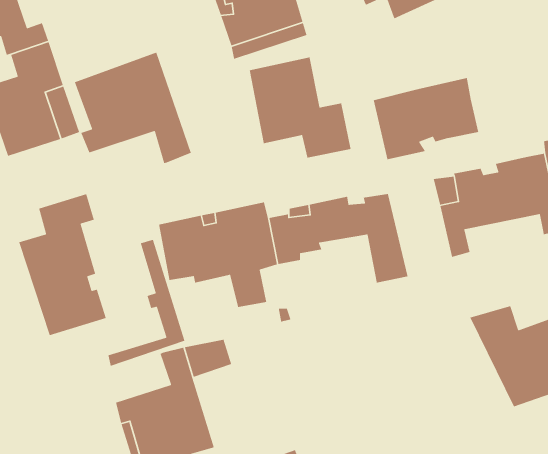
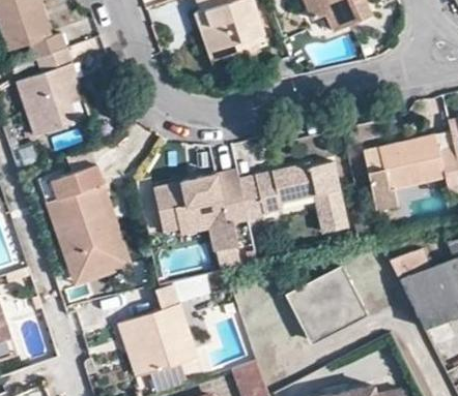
building: [74,52,192,164] -> none
building: [249,57,352,158] -> none
building: [373,77,479,160] -> none
building: [108,239,186,367] -> [68,184,128,282]
building: none -> [289,268,365,339]

